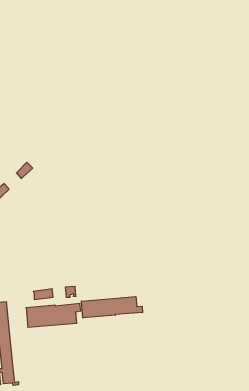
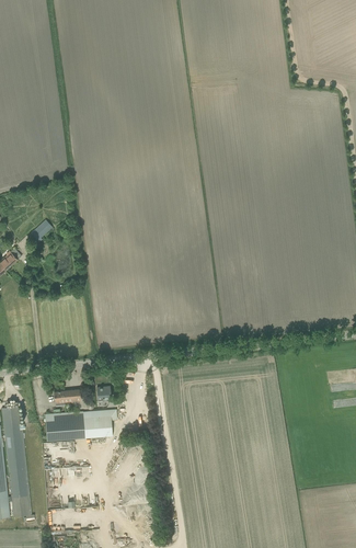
building: [81,297,142,318] -> none

